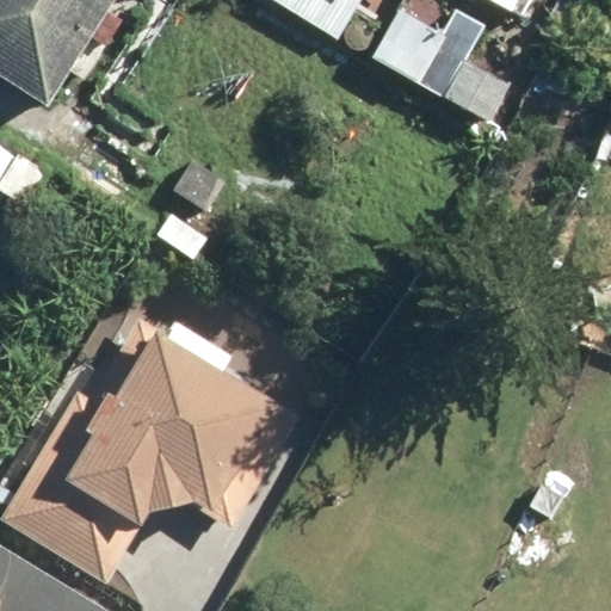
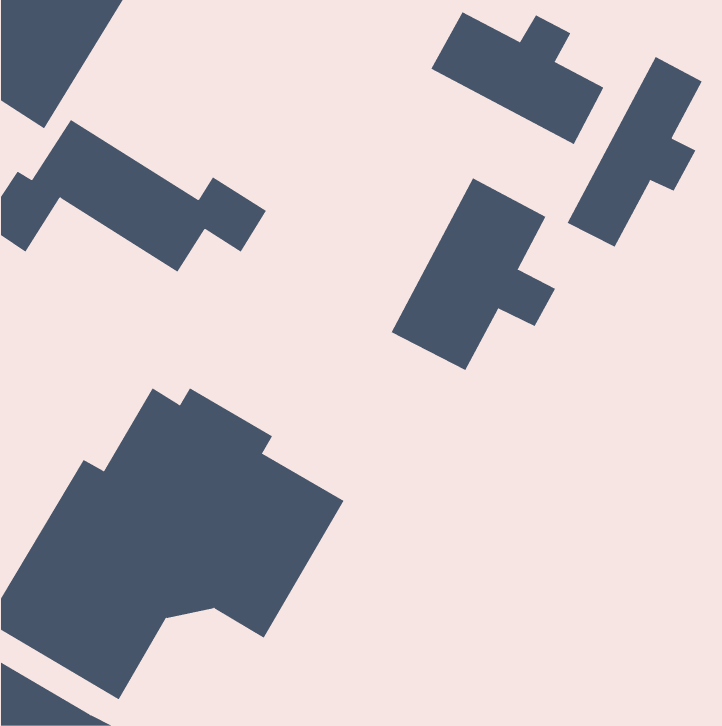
building: none -> [567,56,702,247]
building: none -> [391,177,556,371]

